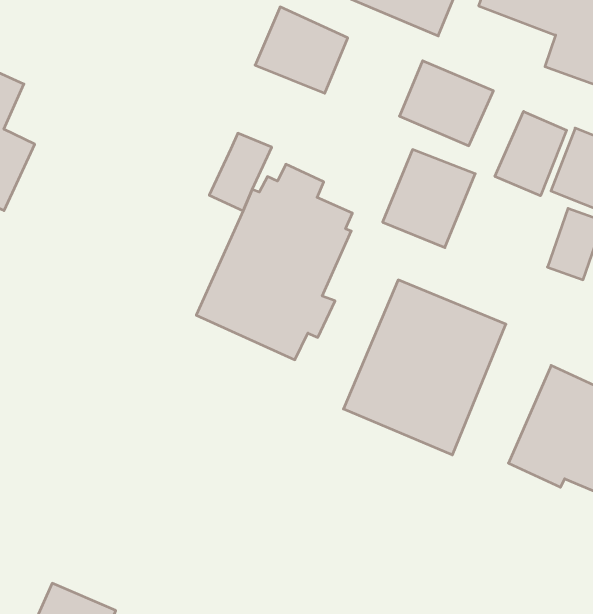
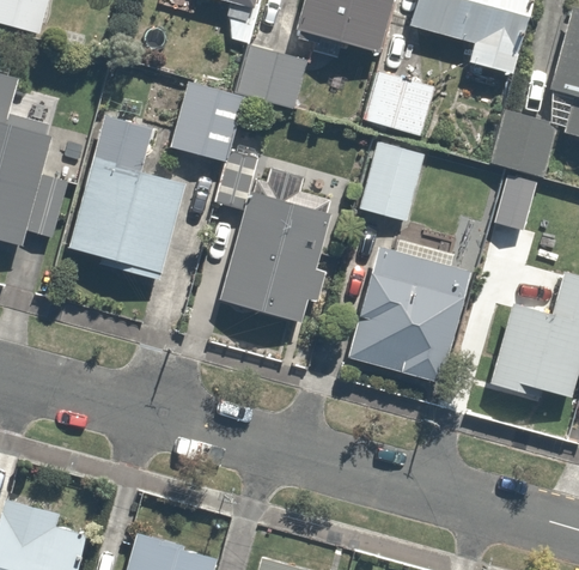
building: none -> [171,81,246,163]
building: none -> [68,114,187,280]
building: [495,111,567,196] -> none

